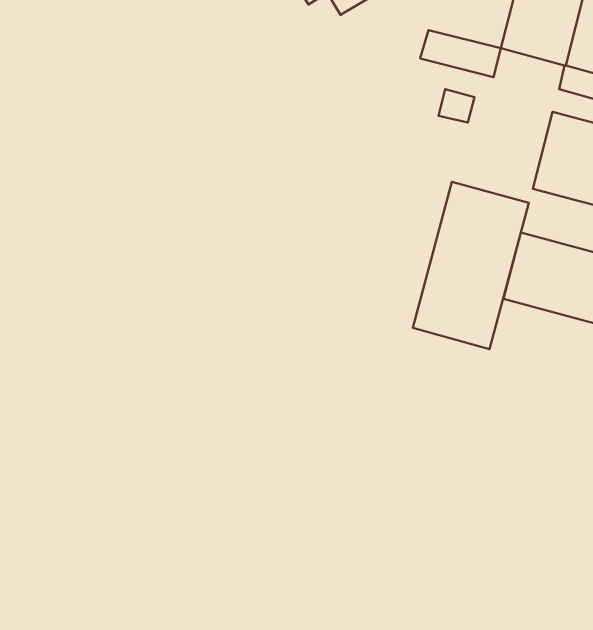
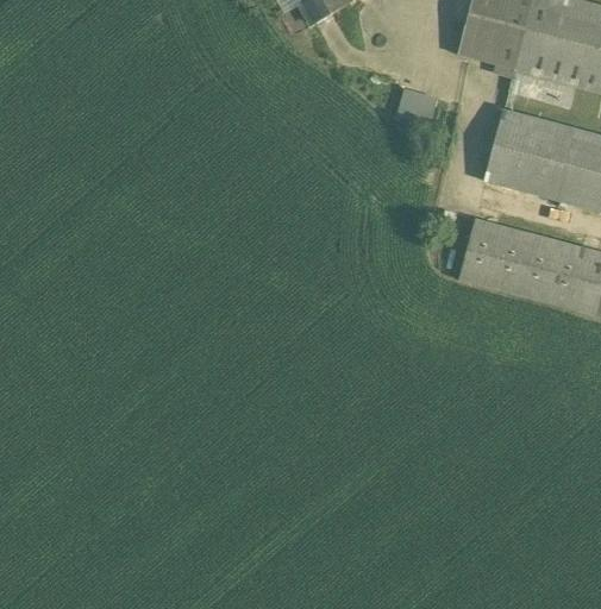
building: [420,30,501,77] -> none
building: [413,182,529,349] -> none

